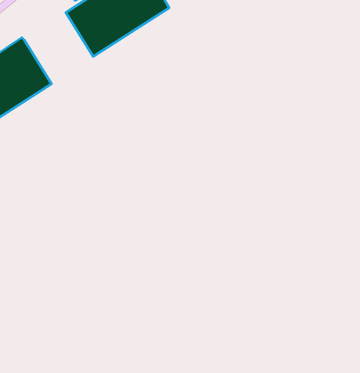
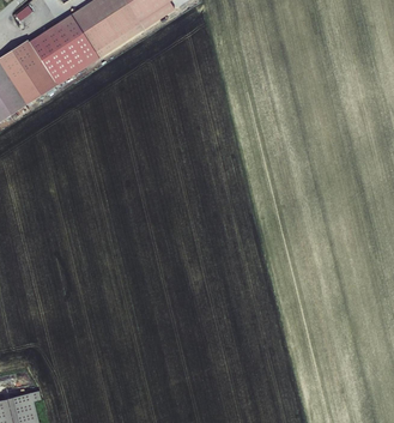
building: none -> [29,14,98,86]

